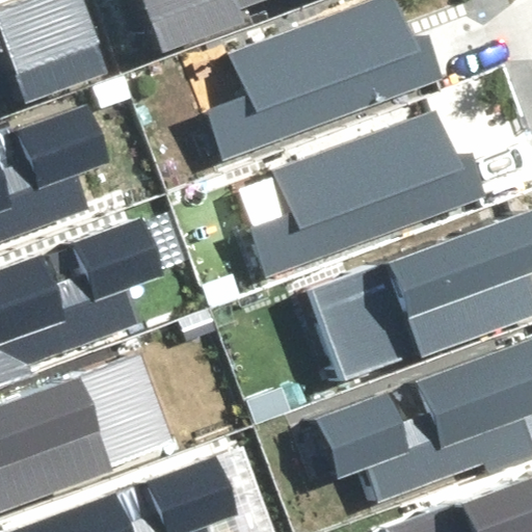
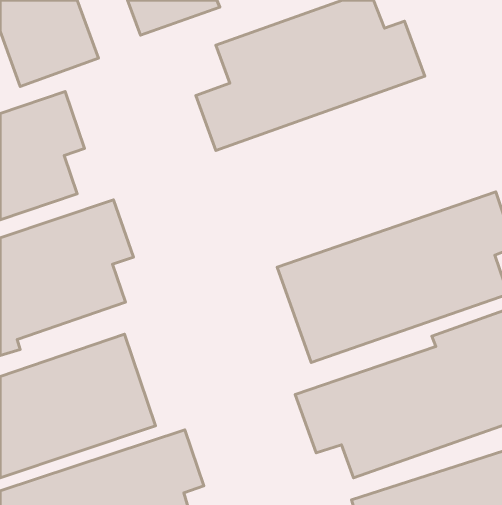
building: [245,121,488,280] -> none

